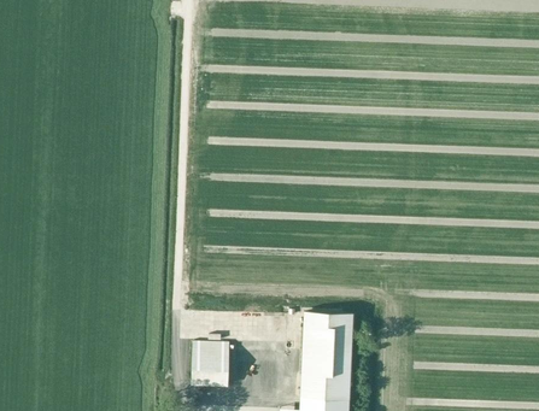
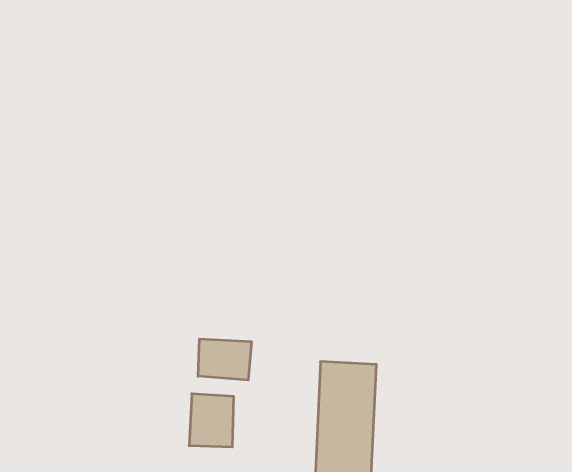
building: none -> [198,339,251,380]

